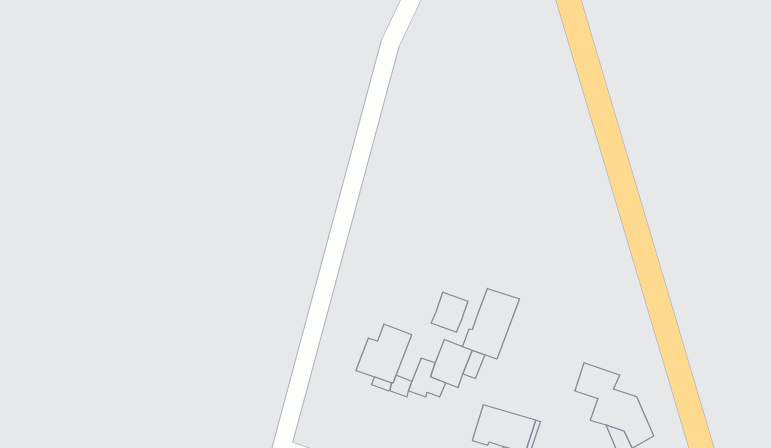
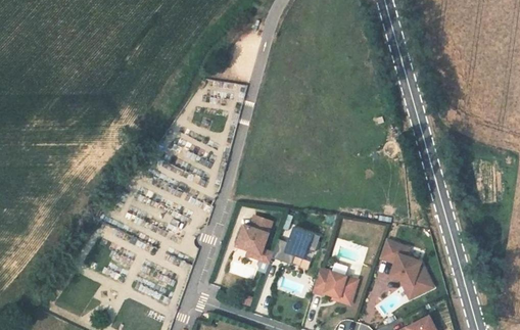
building: [463,288,519,359] -> none
building: [431,292,468,332] -> none

